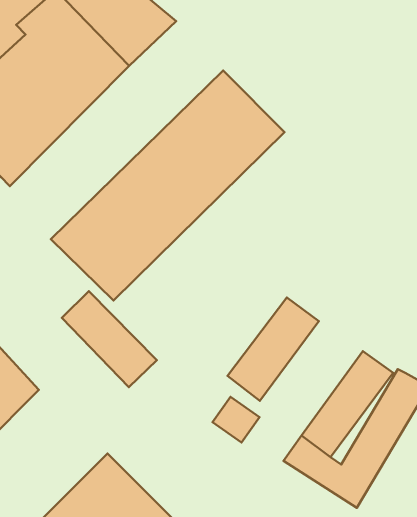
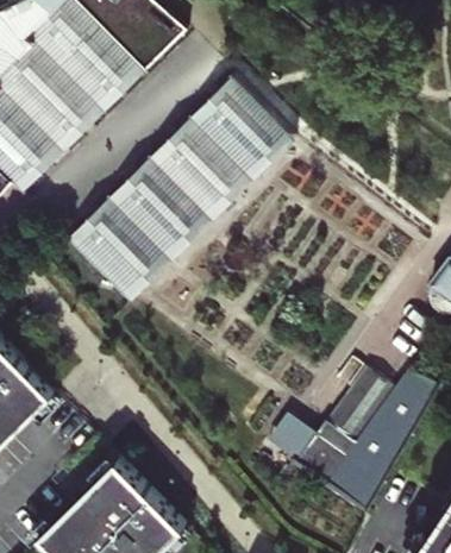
building: [62,291,157,387] -> none
building: [227,298,319,401] -> none
building: [213,397,260,443] -> [263,419,309,464]

